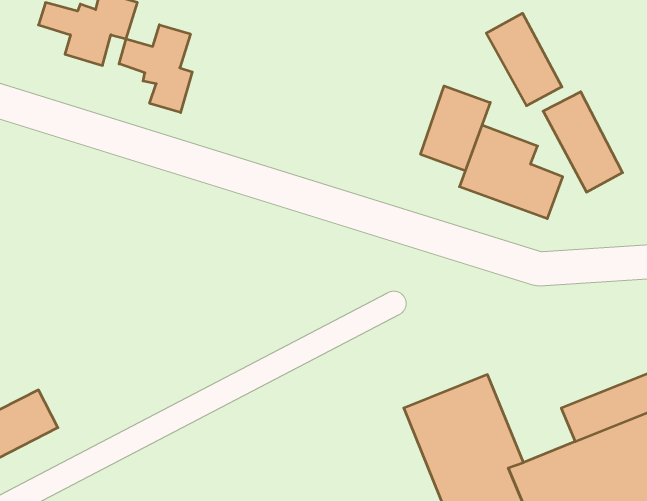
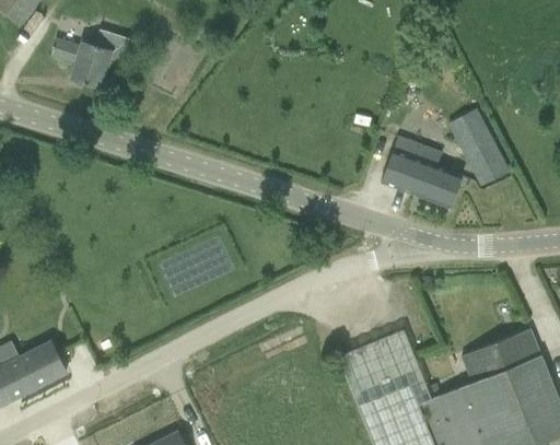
building: [486,13,562,106] -> none
building: [119,25,192,113] -> none
building: [421,86,490,171] -> none

